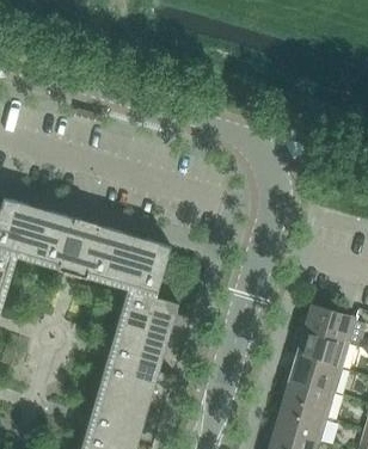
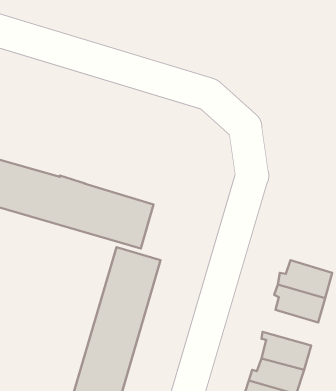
building: [283,355,341,392] -> none

